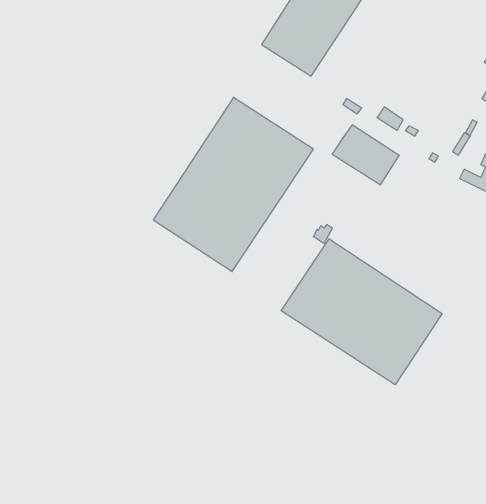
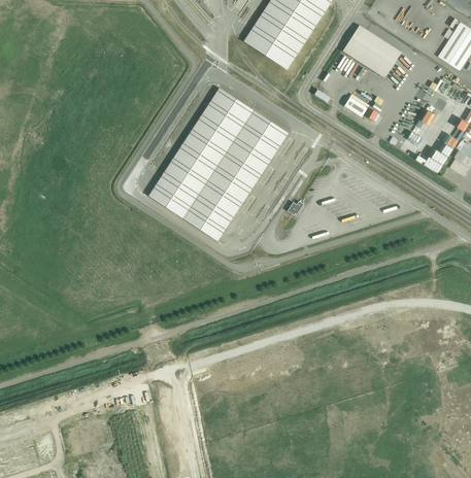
building: [332,125,399,185] -> [342,25,401,77]
building: [281,239,442,385] -> none

